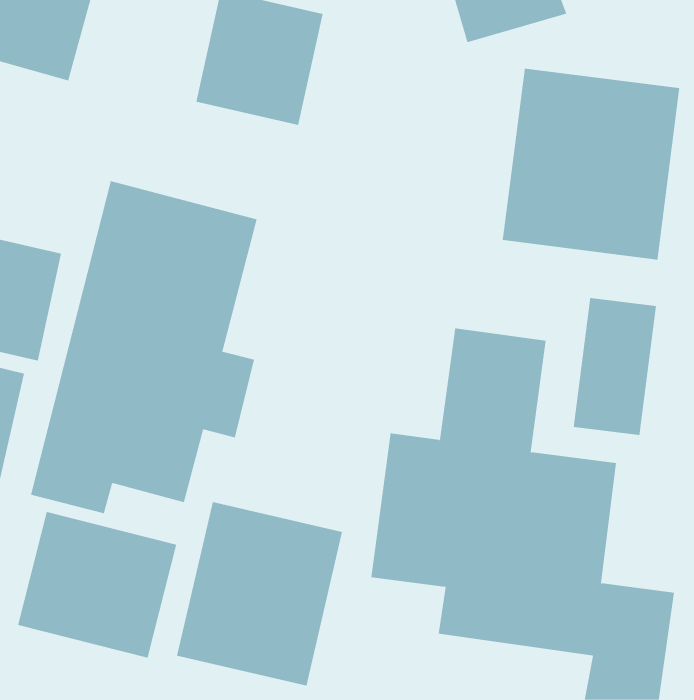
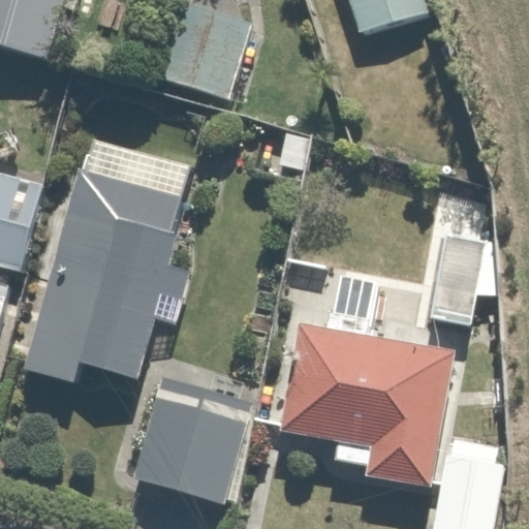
building: [502,68,680,260] -> none
building: [17,511,177,659] -> none

